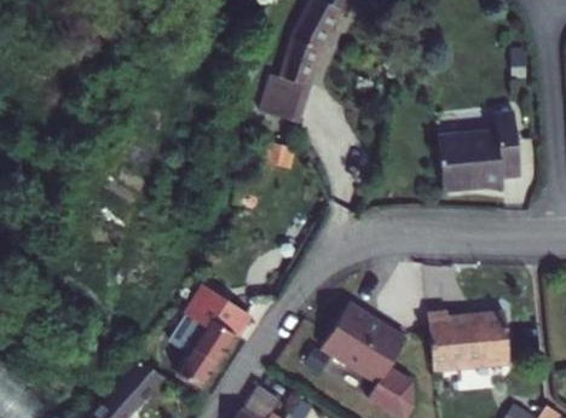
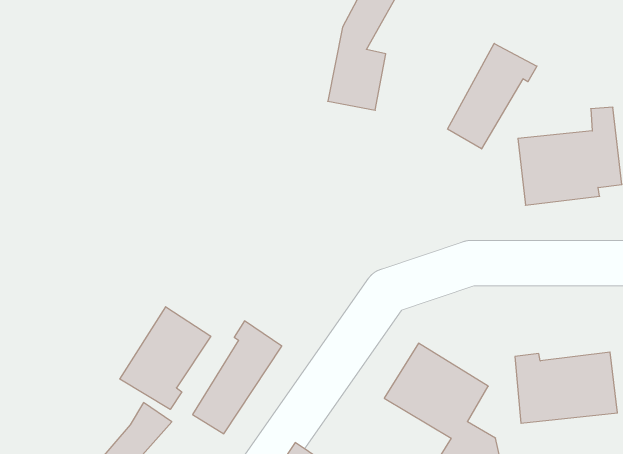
building: none -> [448,43,537,149]
building: none -> [120,307,211,409]

